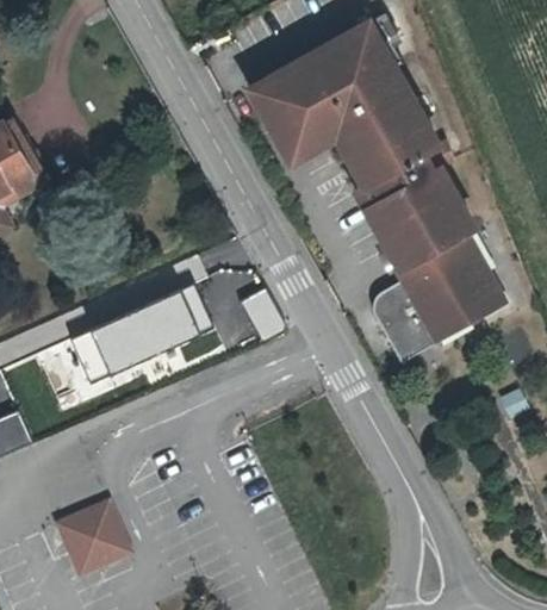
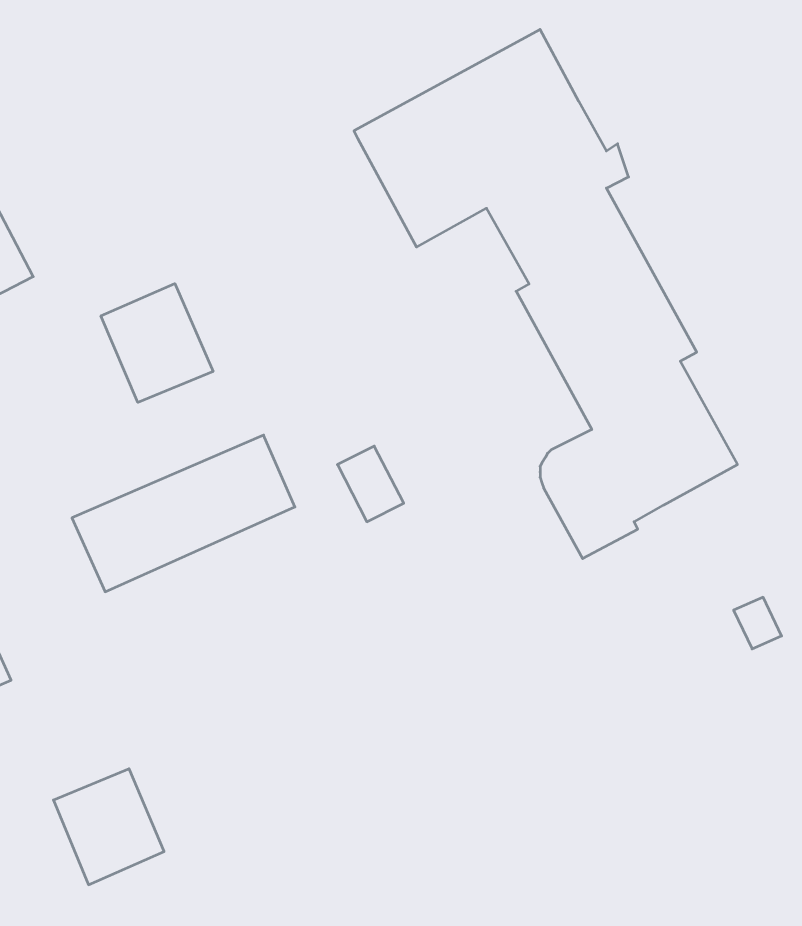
building: none -> [101,284,213,402]

